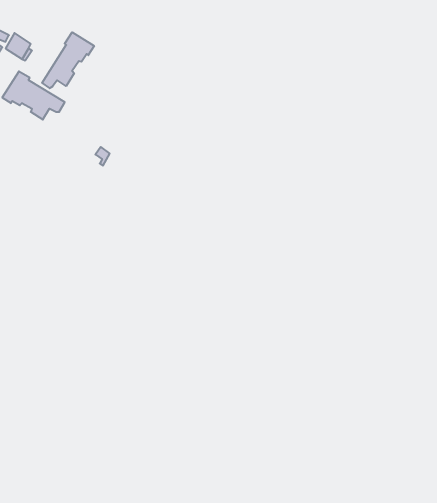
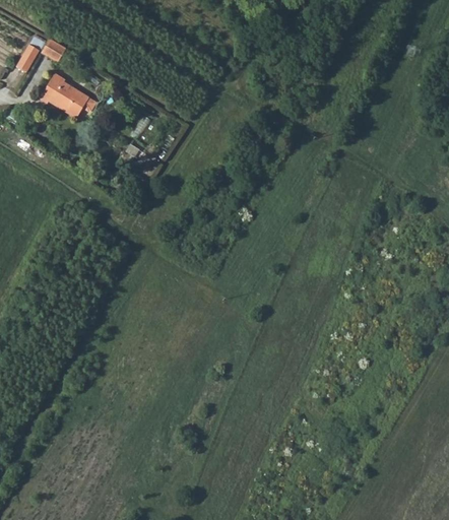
building: [42,32,94,88] -> none

